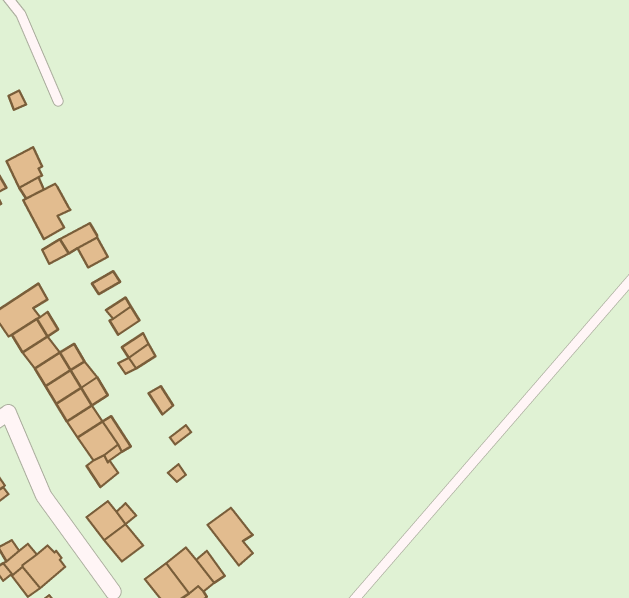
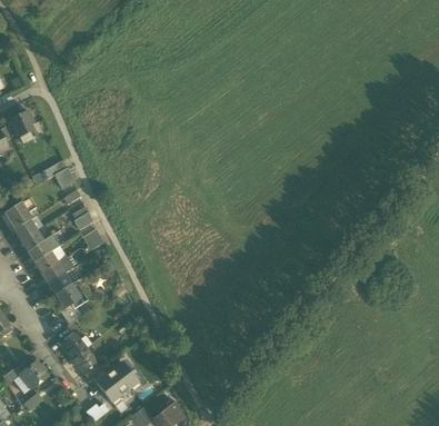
building: [23,184,71,239] -> none
building: [207,508,253,565] -> none

